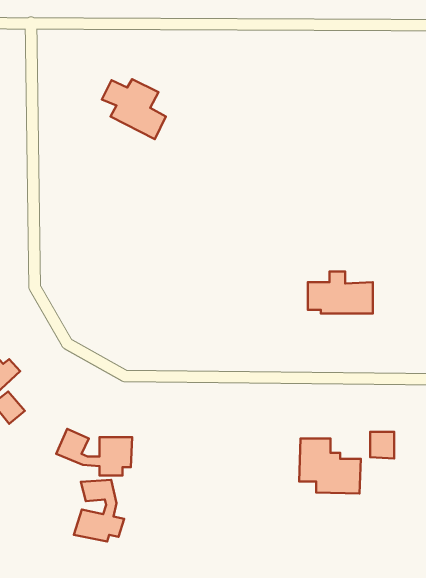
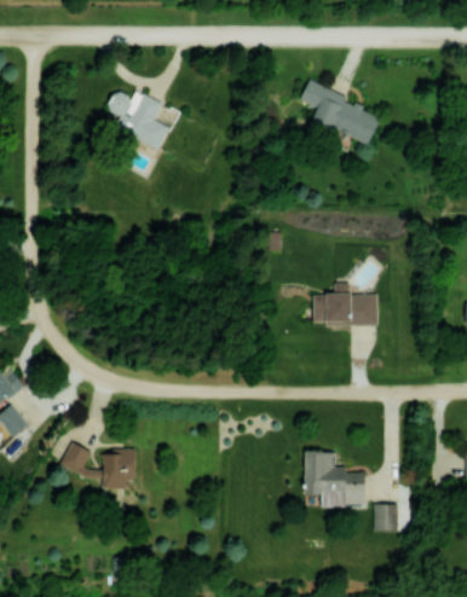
building: none -> [301,82,381,144]
building: [370,432,394,458] -> [374,504,398,531]
building: [74,480,124,541] -> none

